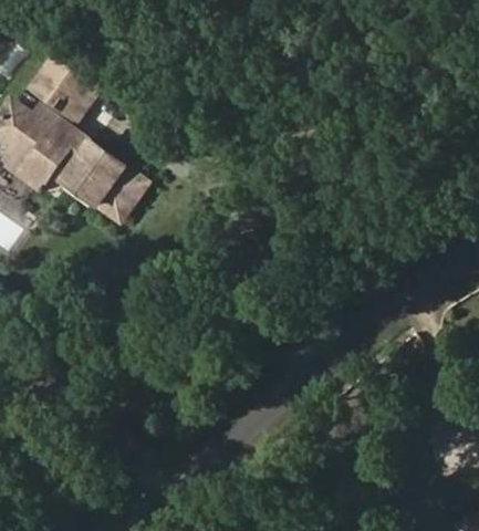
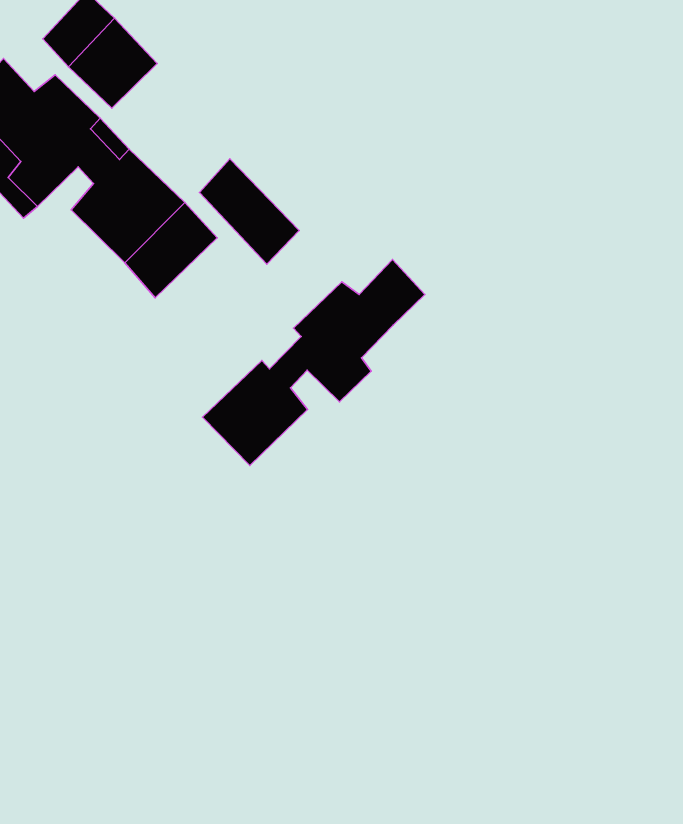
building: none -> [200,159,299,264]
building: none -> [202,260,425,466]

